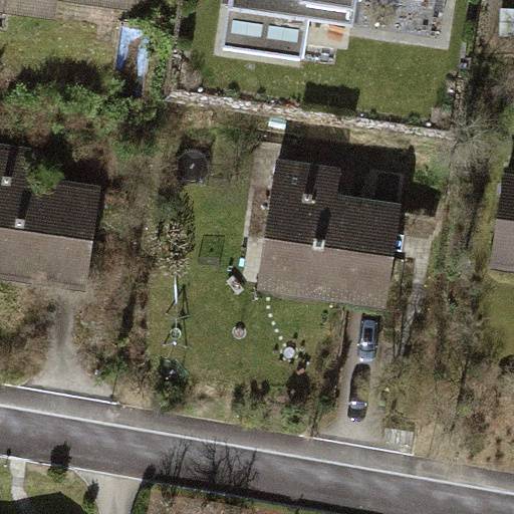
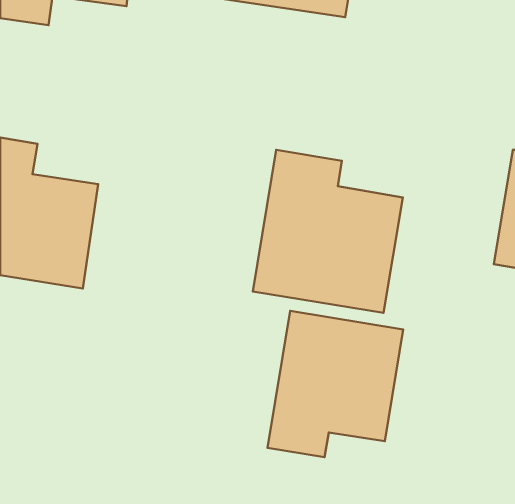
building: none -> [268,311,403,457]

